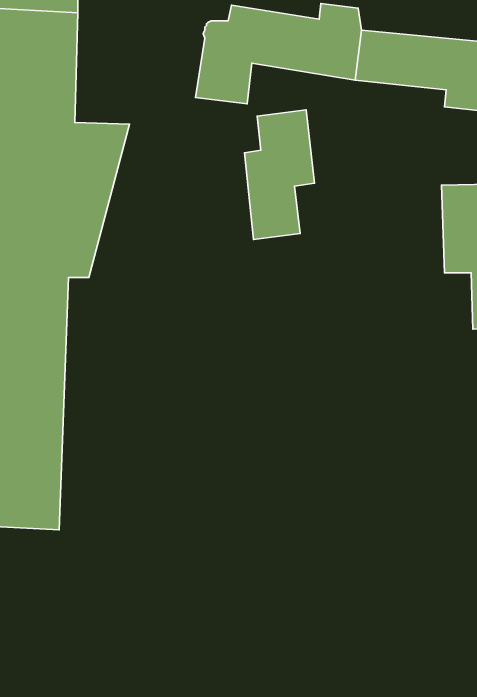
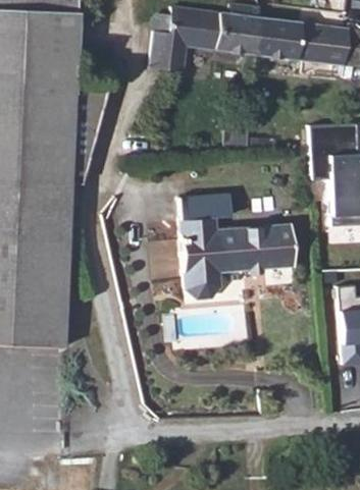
building: [245,110,314,239] -> none
building: none -> [174,193,289,298]

